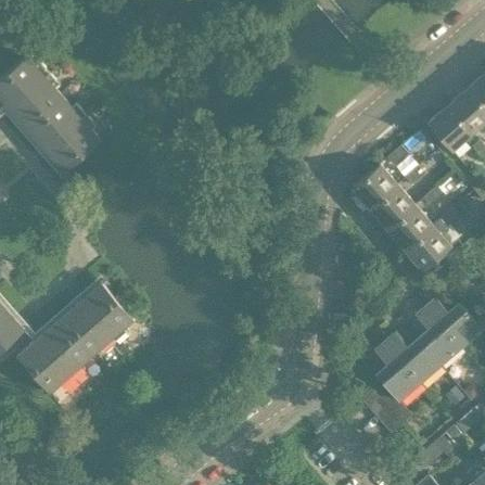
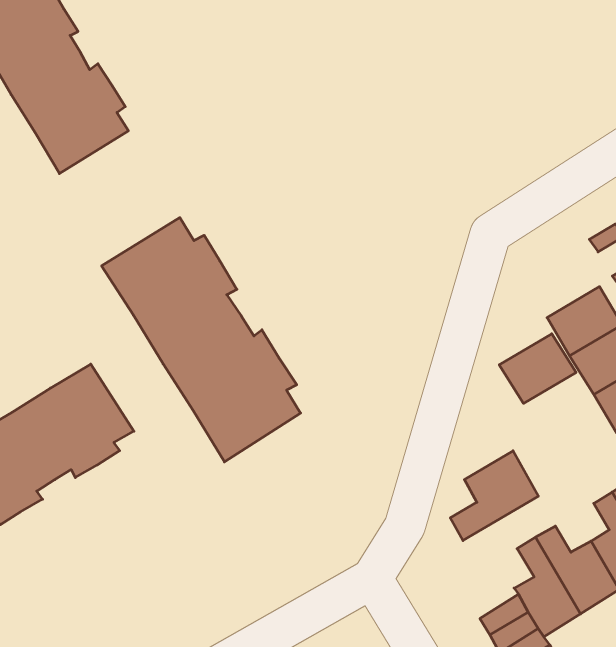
building: [350,165,397,209] -> [499,334,576,403]
building: none -> [102,218,301,462]
building: none -> [450,451,538,541]

